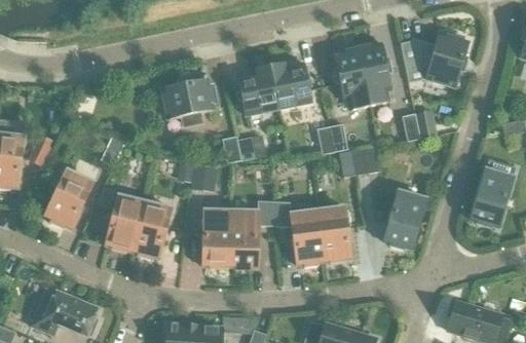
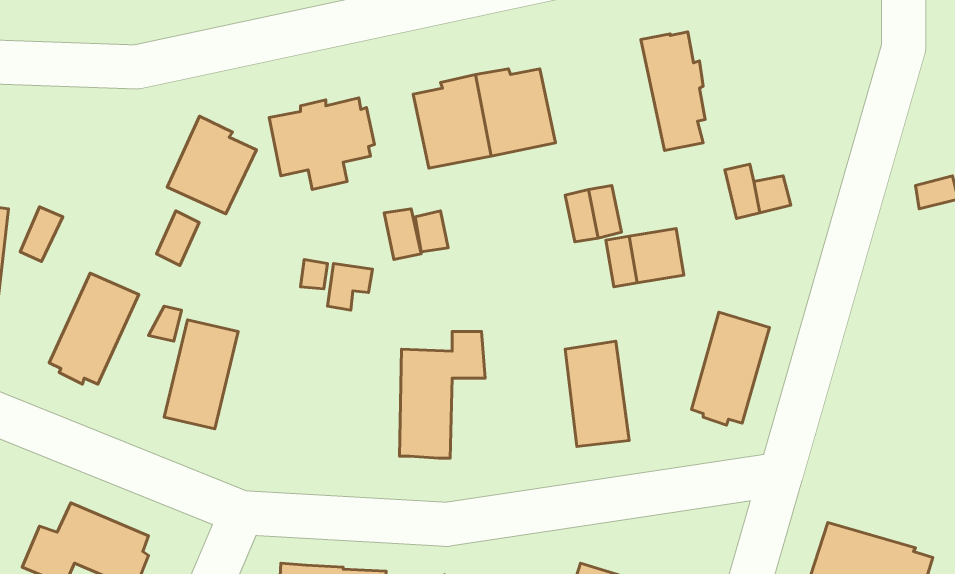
building: [401,30,469,86] -> none
building: [334,46,370,109] -> none
building: none -> [167,116,257,214]
building: [471,158,516,227] -> none
building: [133,200,171,259] -> none
building: [273,200,324,266] -> none
building: [202,209,231,266] -> none

